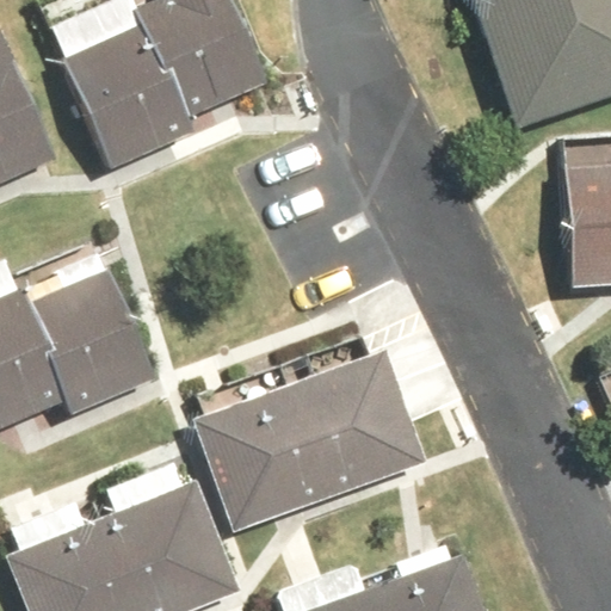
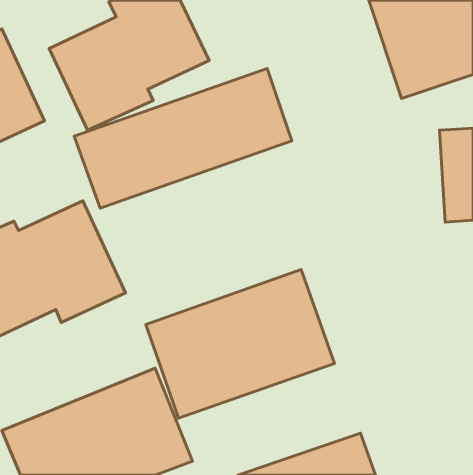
building: none -> [74,68,292,208]

